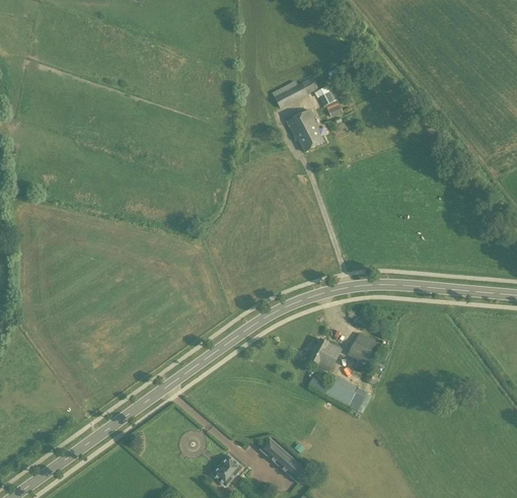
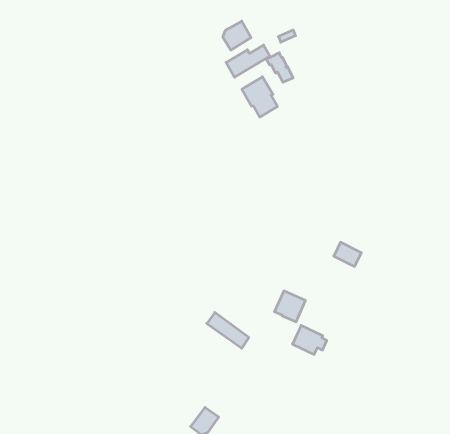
building: none -> [223,21,251,50]
building: [346,339,375,365] -> [334,242,361,266]
building: [264,440,307,480] -> [207,312,249,348]

